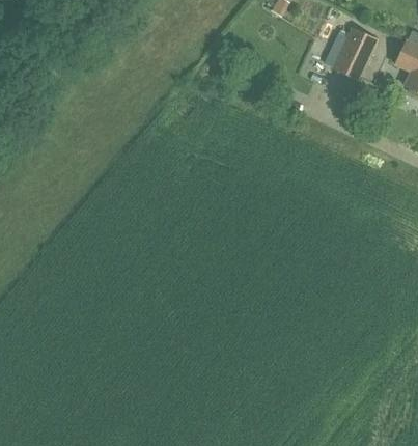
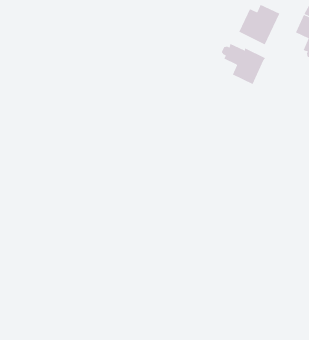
building: none -> [221,43,266,85]

